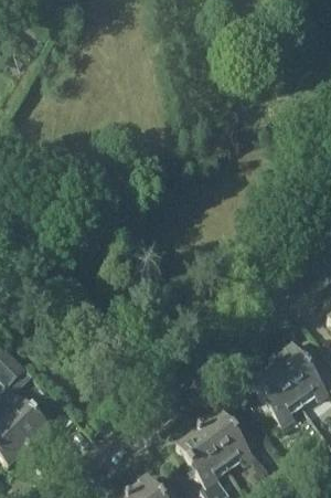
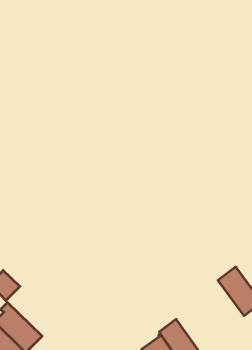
building: [252,364,305,430] -> none

